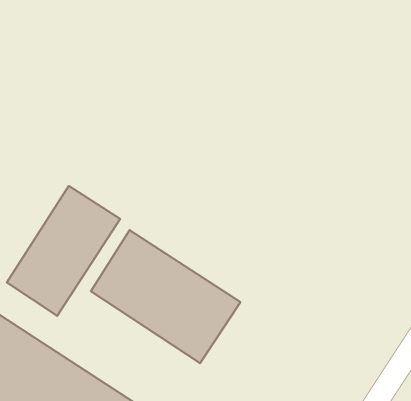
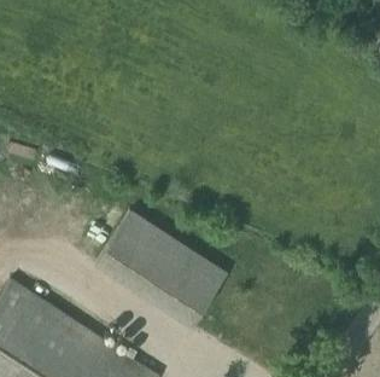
building: [7,186,120,316] -> none

